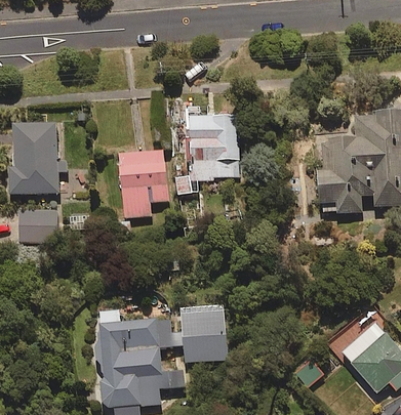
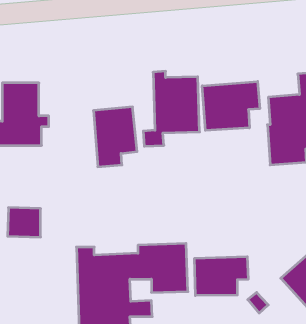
building: none -> [202,81,260,130]
building: [19,209,57,243] -> [8,208,41,237]
building: none -> [195,257,248,296]

